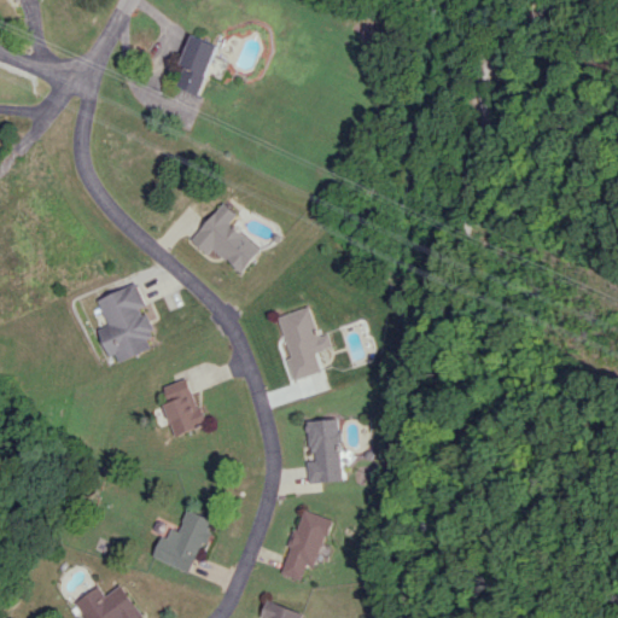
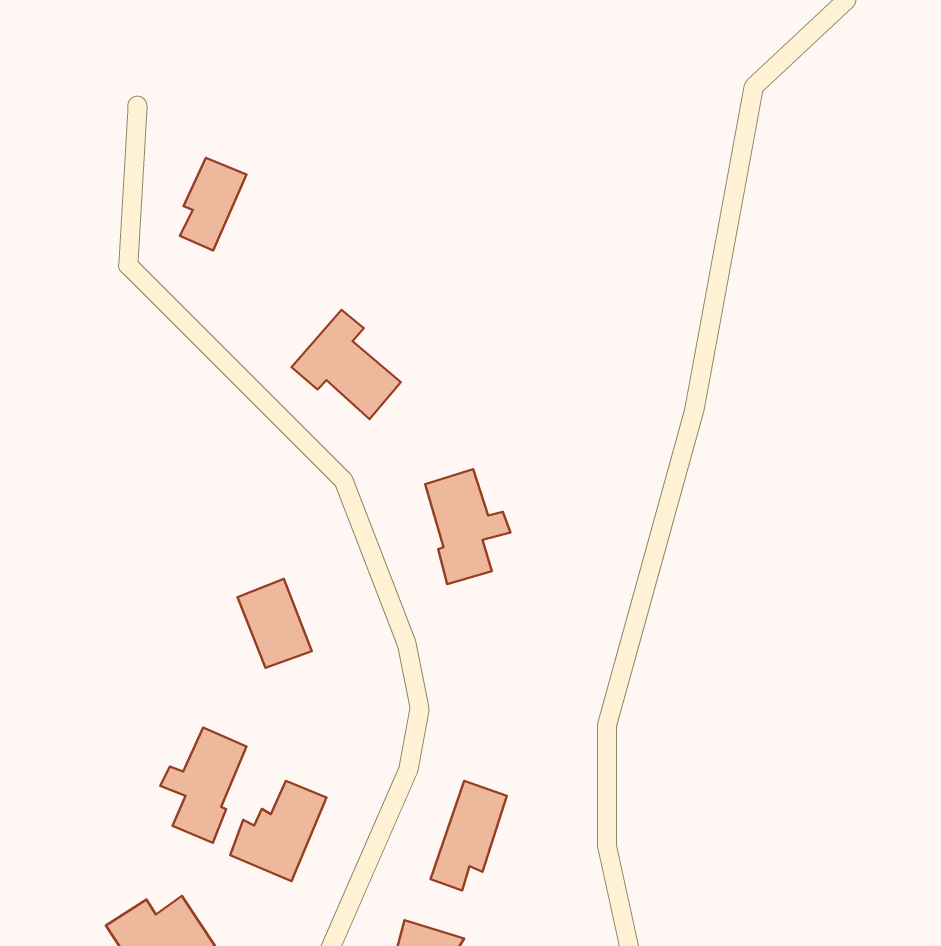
building: [175,35,218,95] -> [180,158,247,251]
building: [95,284,152,365] -> none
building: [305,419,340,483] -> none
building: none -> [160,727,247,843]

